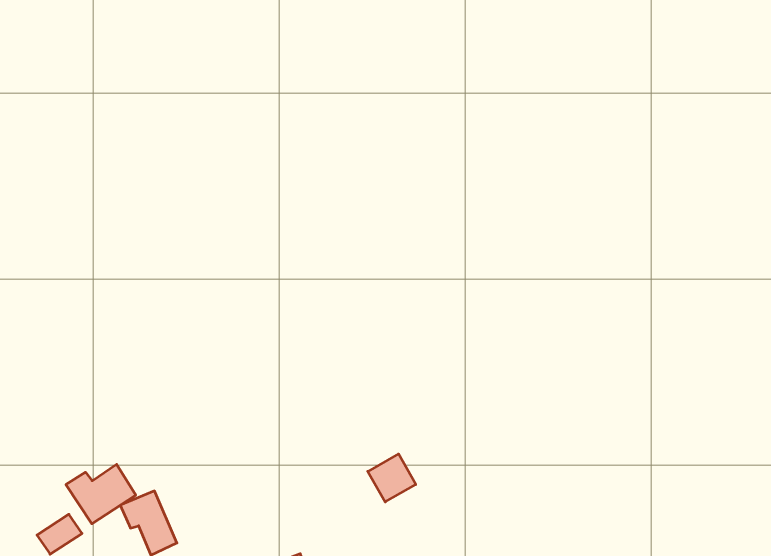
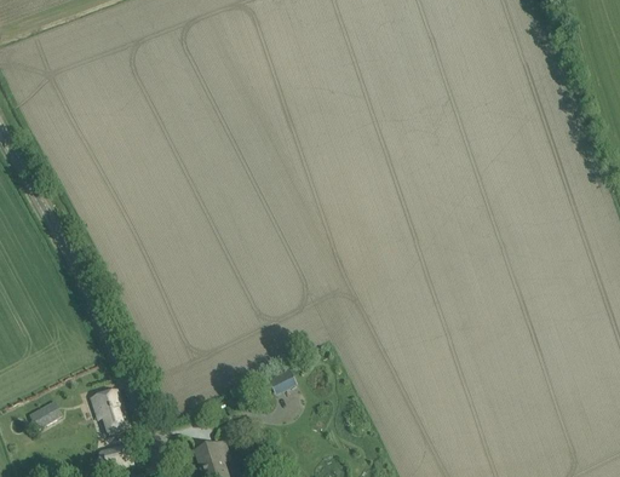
building: [66,464,136,524] -> none

